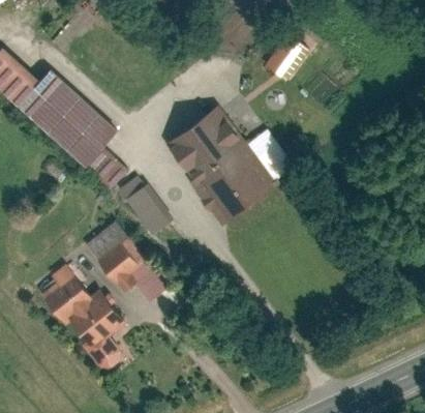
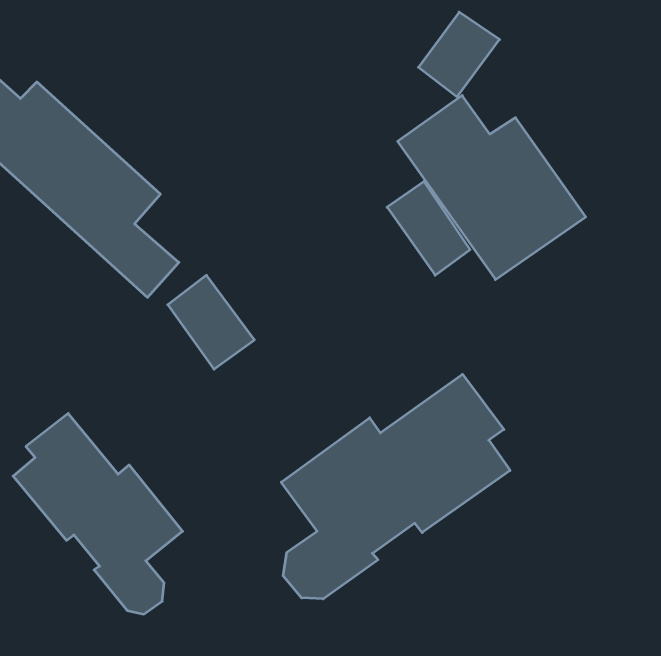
building: [170,117,275,220] -> [398,95,586,280]
building: [81,226,165,299] -> none
building: none -> [281,374,510,599]

